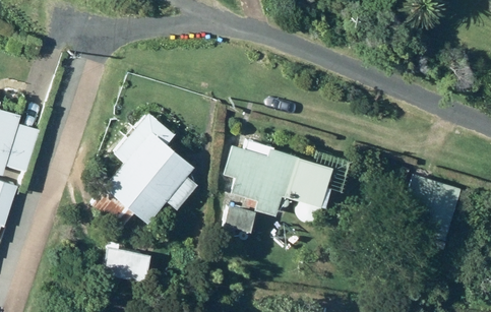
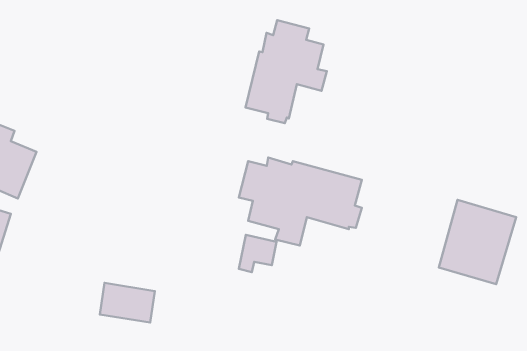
building: none -> [245,20,327,123]
building: [104,116,198,227] -> none

